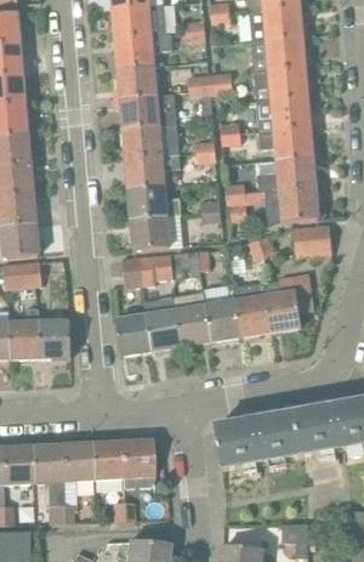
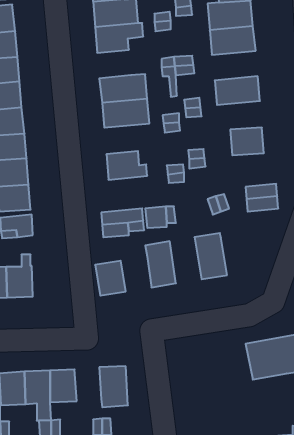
building: [118,64,158,98] -> none
building: [254,66,308,101] -> none
building: [260,125,313,159] -> none
building: [126,152,181,188] -> none
building: [266,187,319,221] -> none
building: [131,214,183,249] -> none
building: [265,273,314,331] -> none
building: [204,286,241,341] -> none
building: [146,310,182,351] -> none
building: [40,319,72,357] -> none
building: [215,413,302,470] -> none
building: [91,441,123,481] -> none

